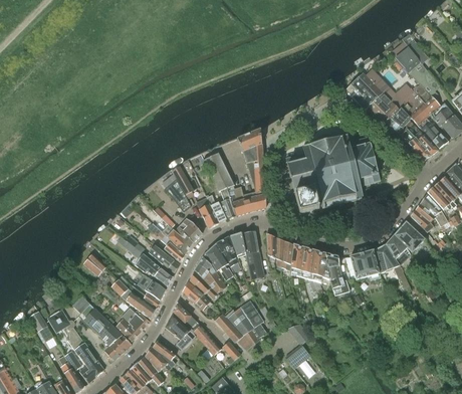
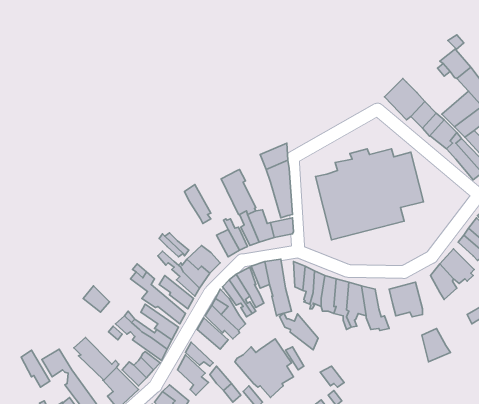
building: [164,179,190,212] -> none
building: [373,244,398,273] -> [422,328,450,362]
building: none -> [279,313,318,350]

